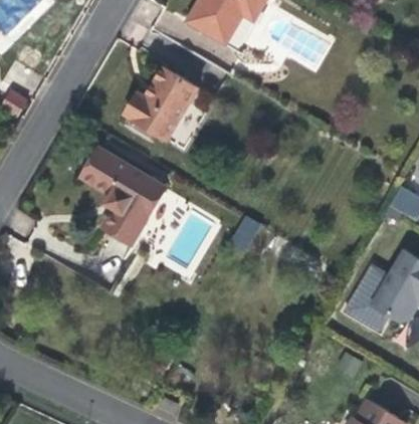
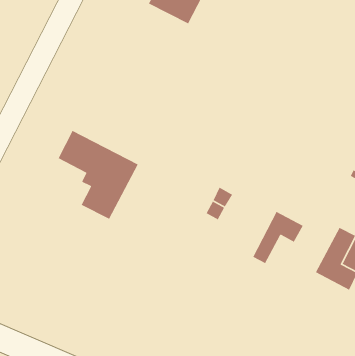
building: [124,67,198,140] -> none
building: none -> [252,211,304,264]

